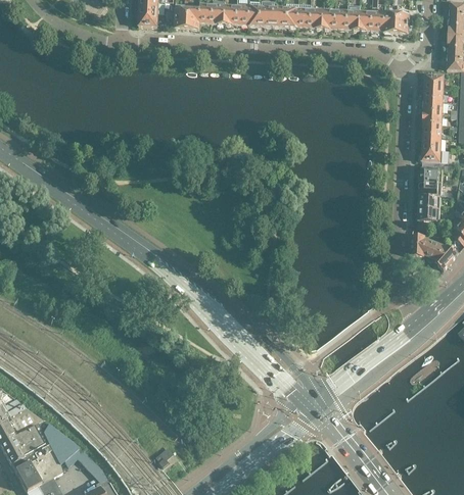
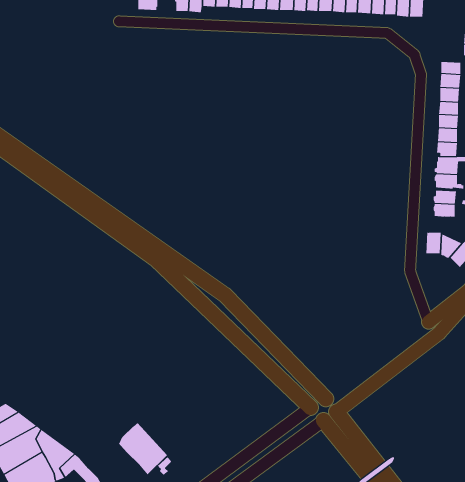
building: none -> [118,422,168,475]

